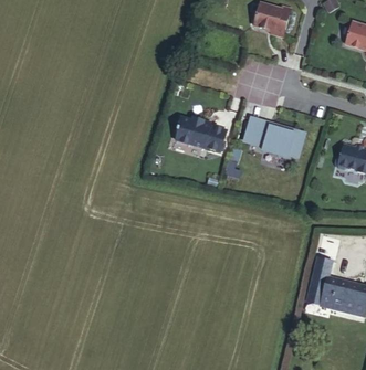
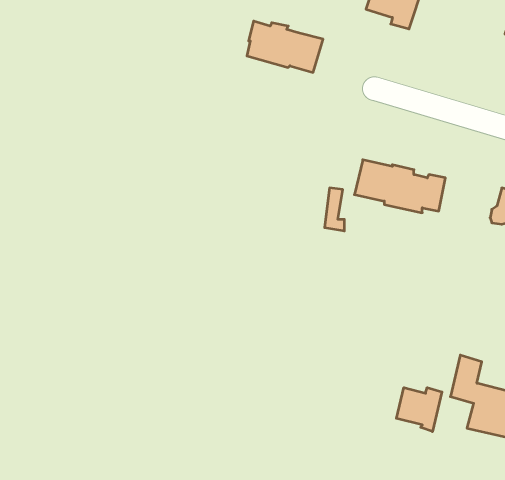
building: [177,120,228,155] -> [247,21,323,72]
building: none -> [396,388,442,432]

